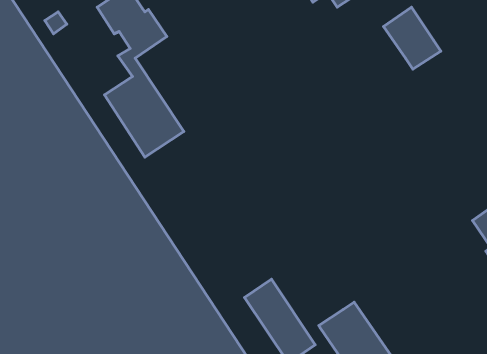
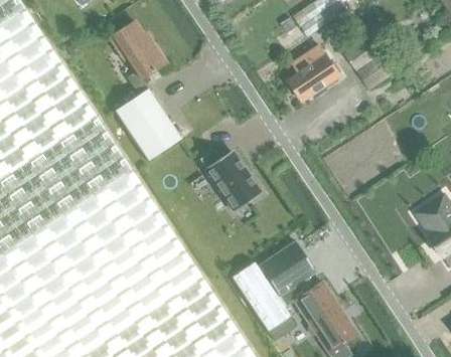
building: none -> [288,43,341,101]
building: none -> [199,149,260,211]
building: none -> [257,241,315,306]

